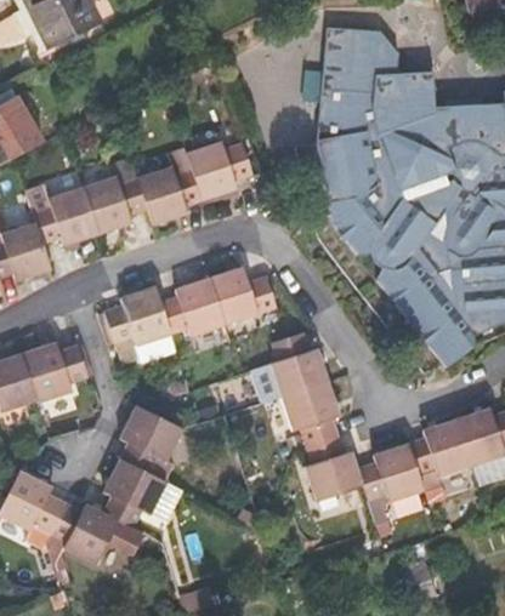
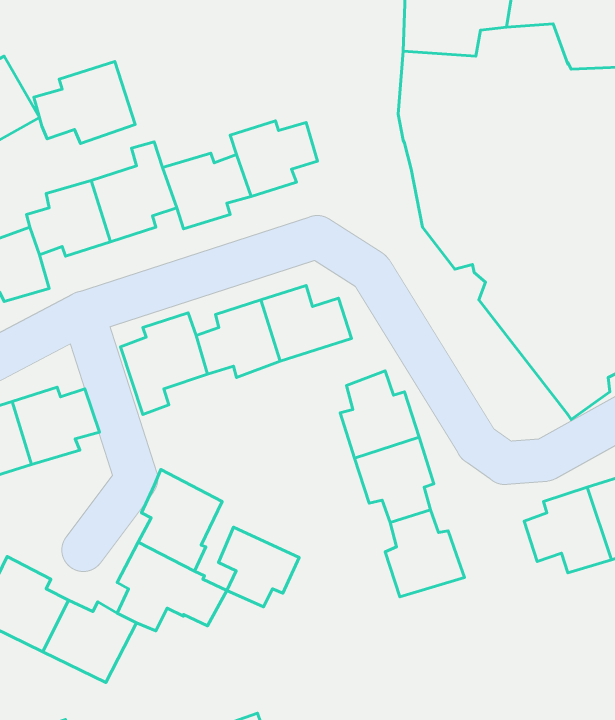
building: none -> [34,61,135,144]
building: [357,444,424,503] -> none
building: none -> [219,527,299,607]

